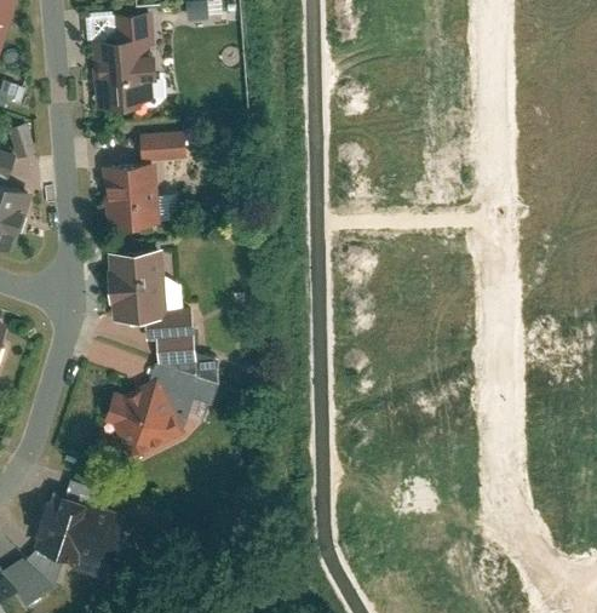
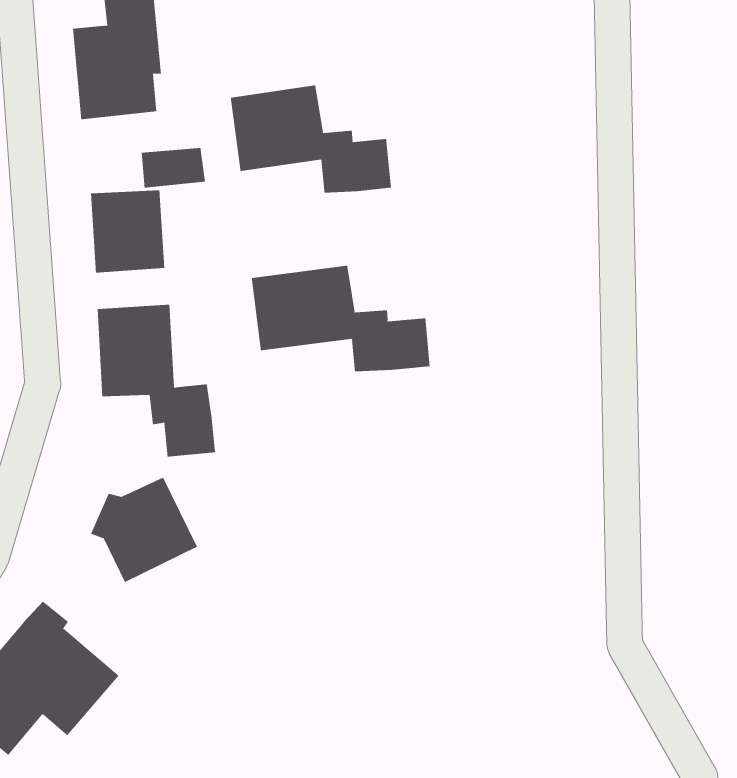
building: none -> [230,85,392,194]
building: none -> [251,265,430,372]
building: [151,367,218,432] -> none

